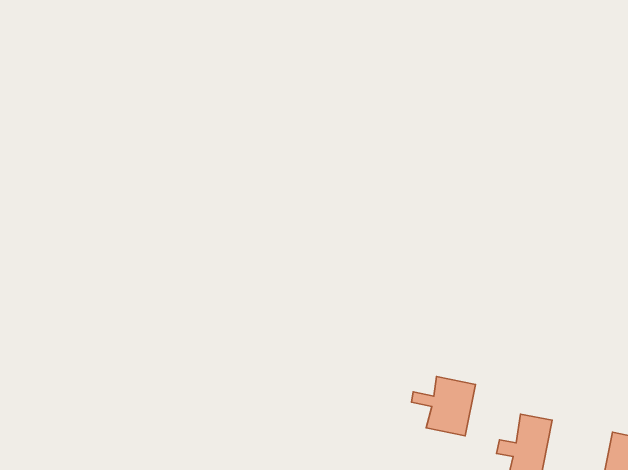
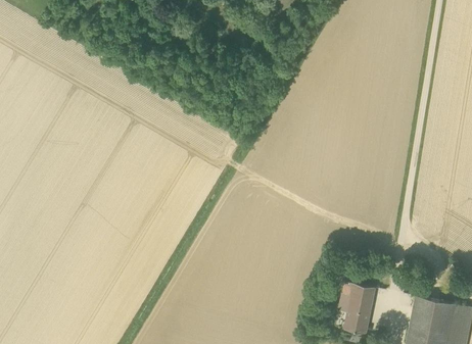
building: [412,377,475,436] -> none

